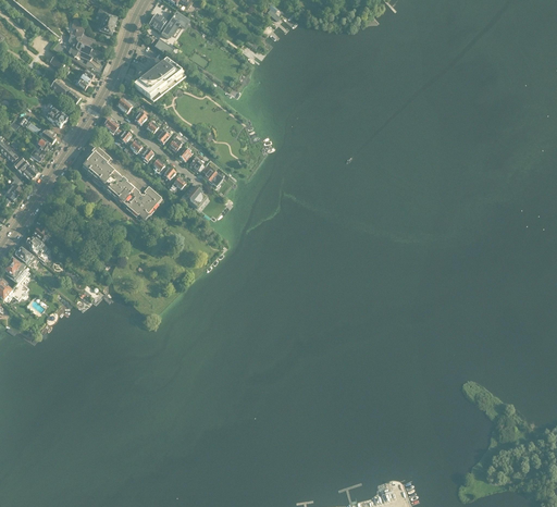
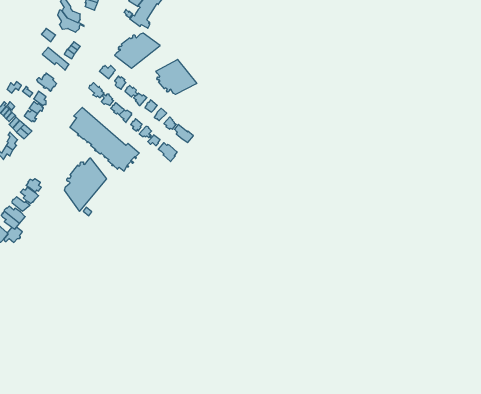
building: none -> [156,59,197,94]
building: none -> [65,158,106,211]

